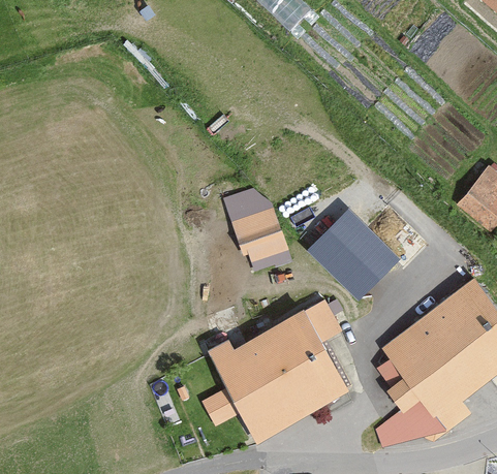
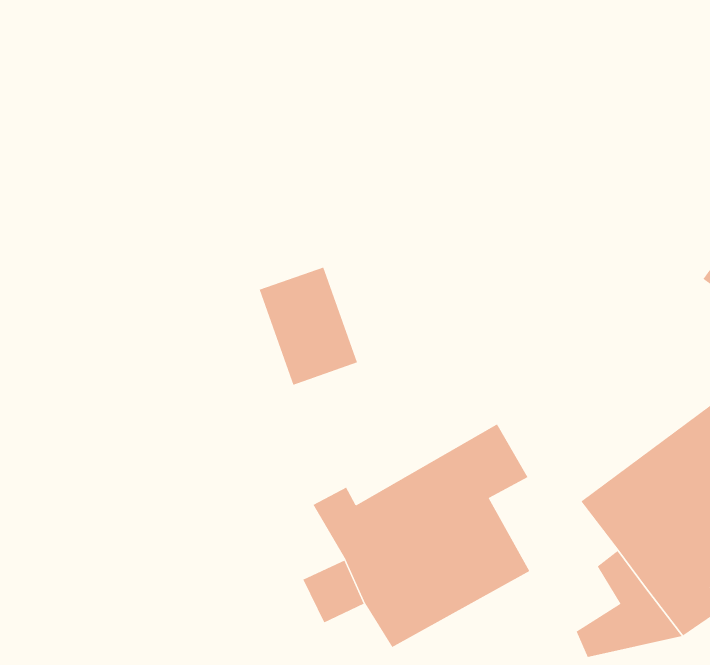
building: [222,184,285,259] -> [259,267,358,385]
building: [307,219,400,303] -> none

